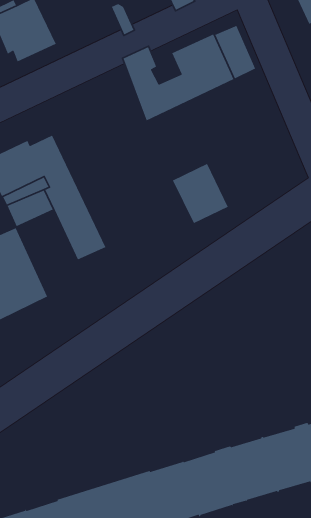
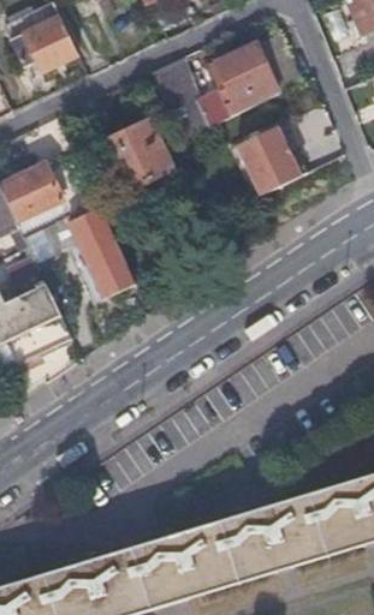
building: none -> [100,120,174,193]
building: [172,163,229,224] -> [237,125,301,193]

